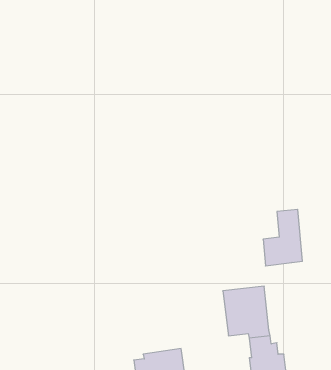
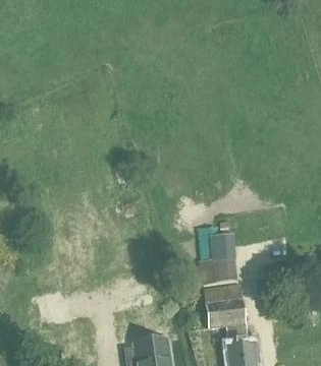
building: [263,209,302,266] -> [200,232,234,282]

